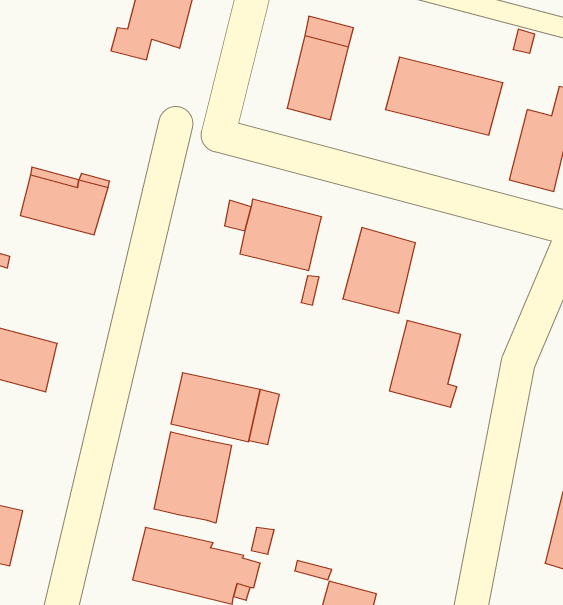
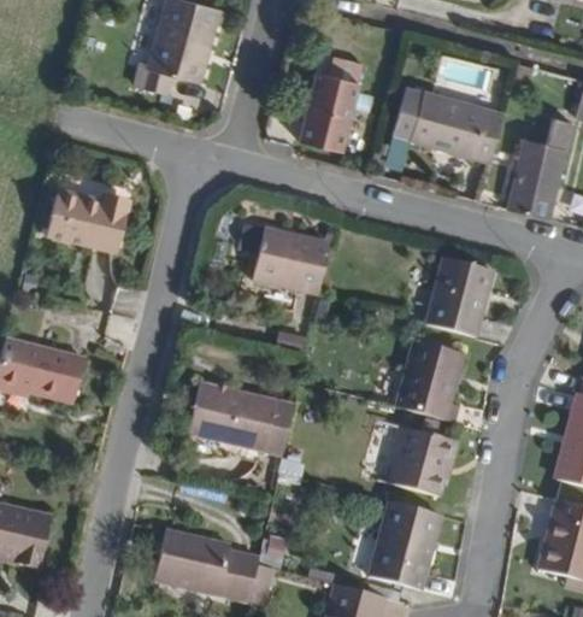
building: [343,227,415,313] -> [426,254,495,335]
building: none -> [387,425,448,490]
building: [154,432,231,523] -> none
building: none -> [371,501,442,589]

